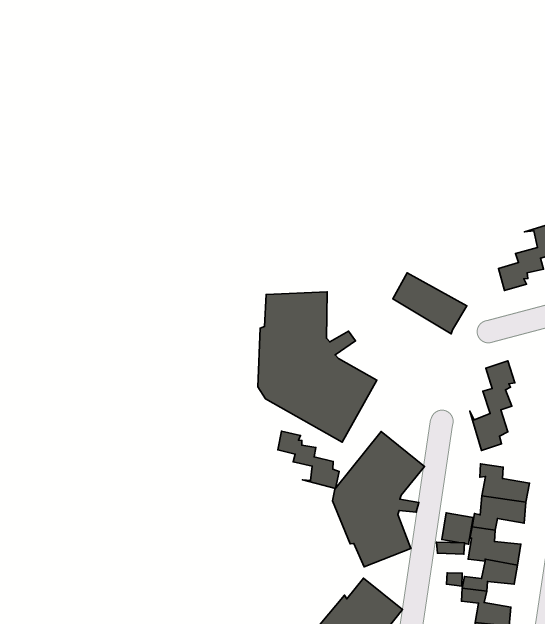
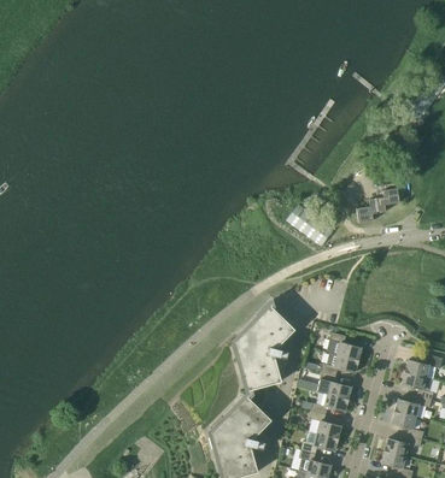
building: [258,292,377,442] -> none
building: [470,361,515,450] -> none
building: [278,431,339,488] -> none

